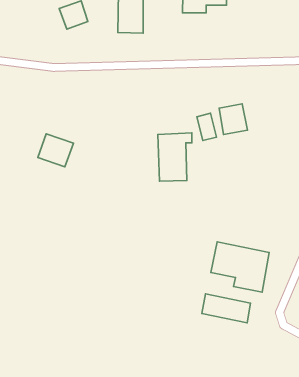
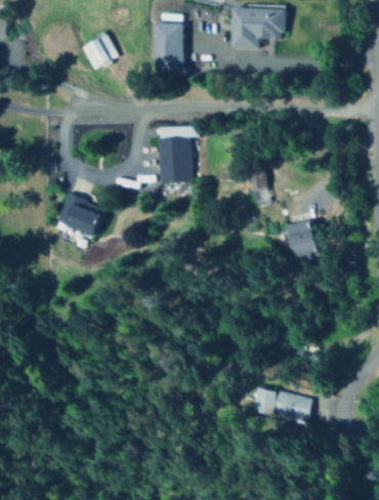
building: [219,104,247,134] -> [285,220,319,257]
building: [158,133,192,181] -> [158,126,199,184]
building: [211,242,269,292] -> none

